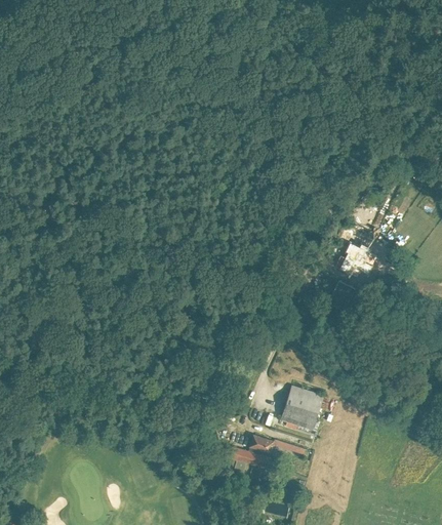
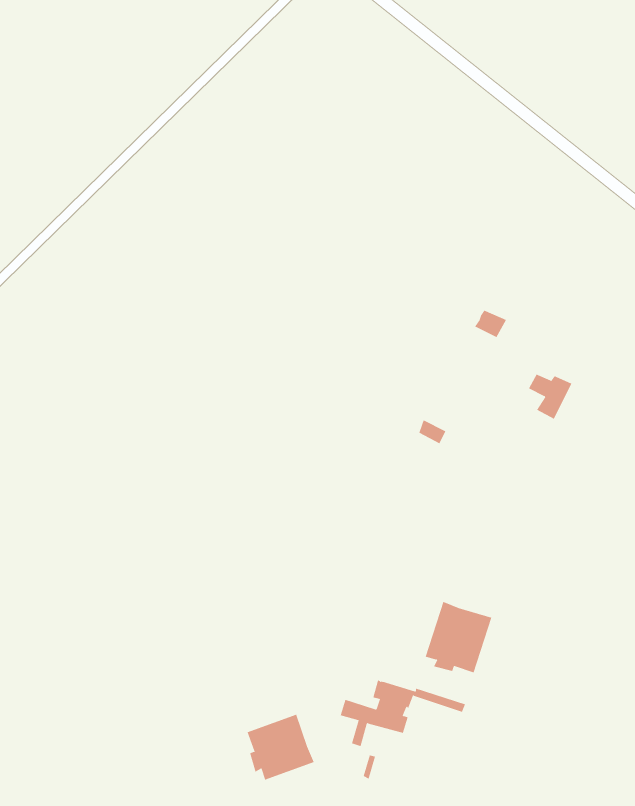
building: none -> [247,714,315,781]

